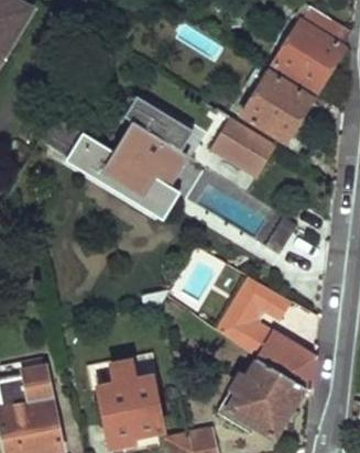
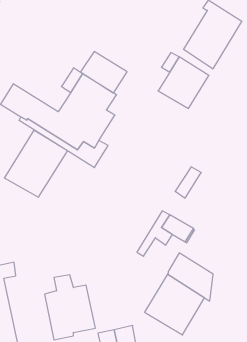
building: [212,121,273,175] -> [81,52,127,93]
building: none -> [5,130,67,197]
building: [225,313,271,360] -> none

